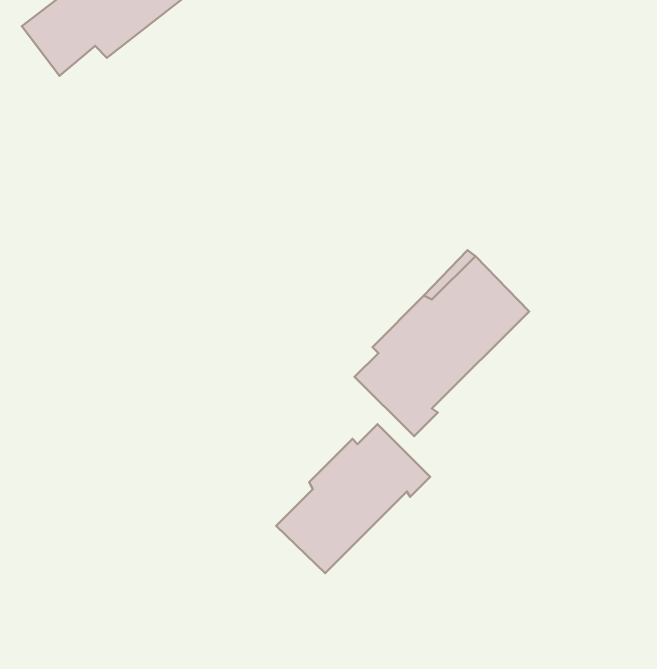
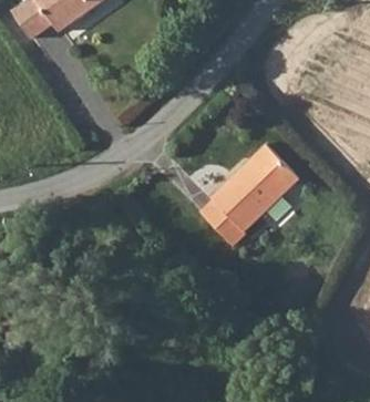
building: [276,424,430,573] -> none

